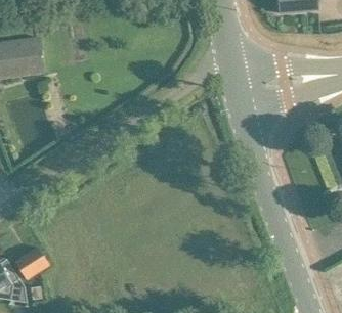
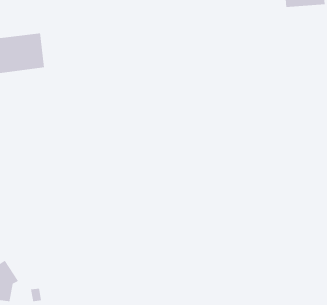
building: [15,247,49,278] -> none

